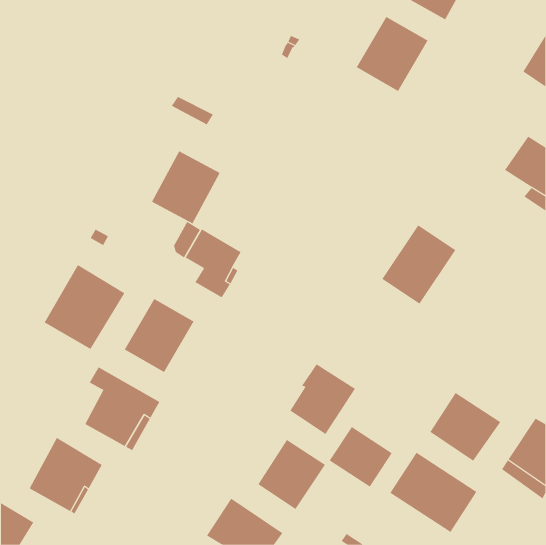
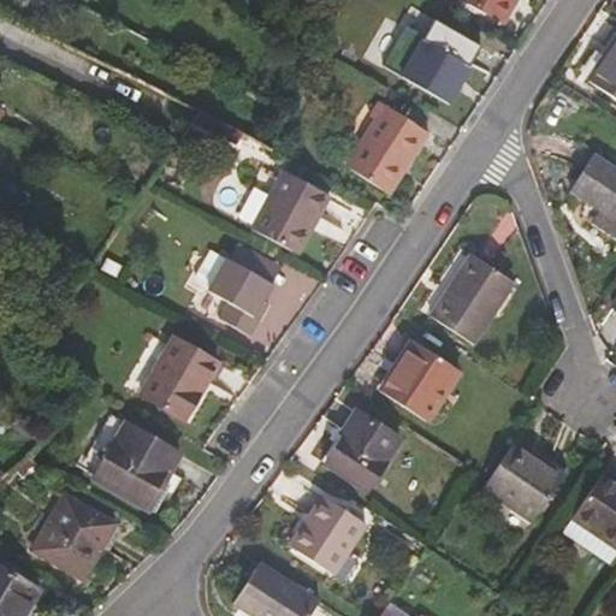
building: none -> [345,100,430,194]
building: [151,151,221,224] -> [251,170,330,253]
building: [44,264,125,350] -> none
building: none -> [380,339,460,421]
building: [329,426,393,487] -> none
building: [390,452,477,533] -> none

